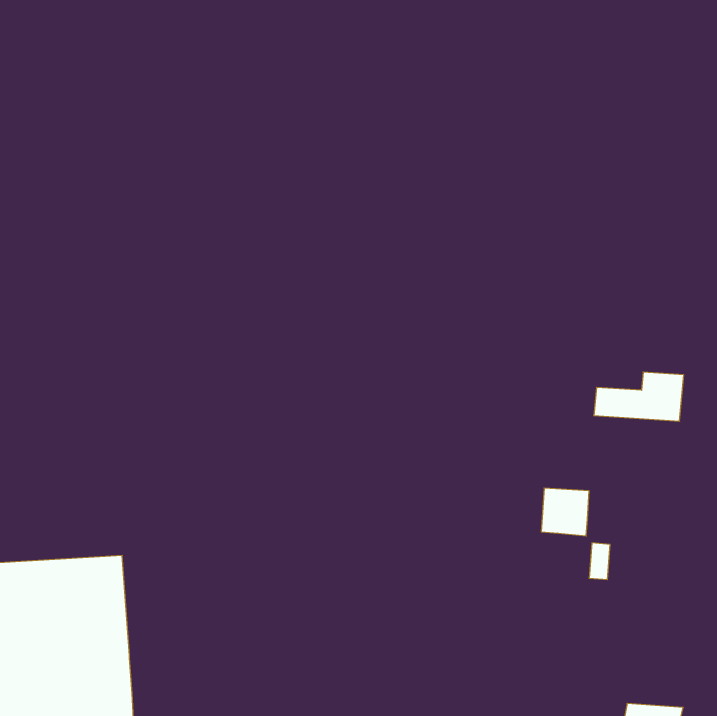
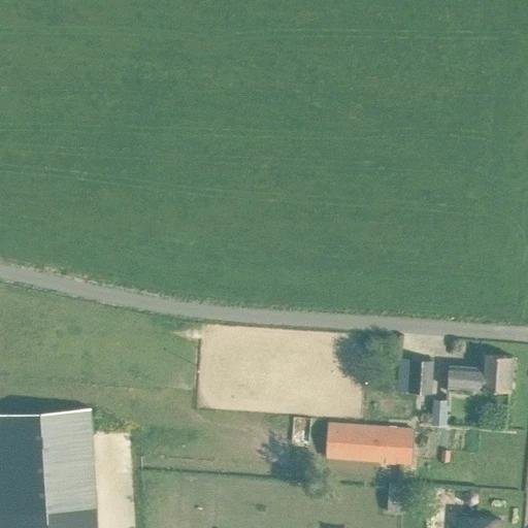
building: [594,372,684,421] -> [447,356,513,392]
building: none -> [325,425,414,464]

